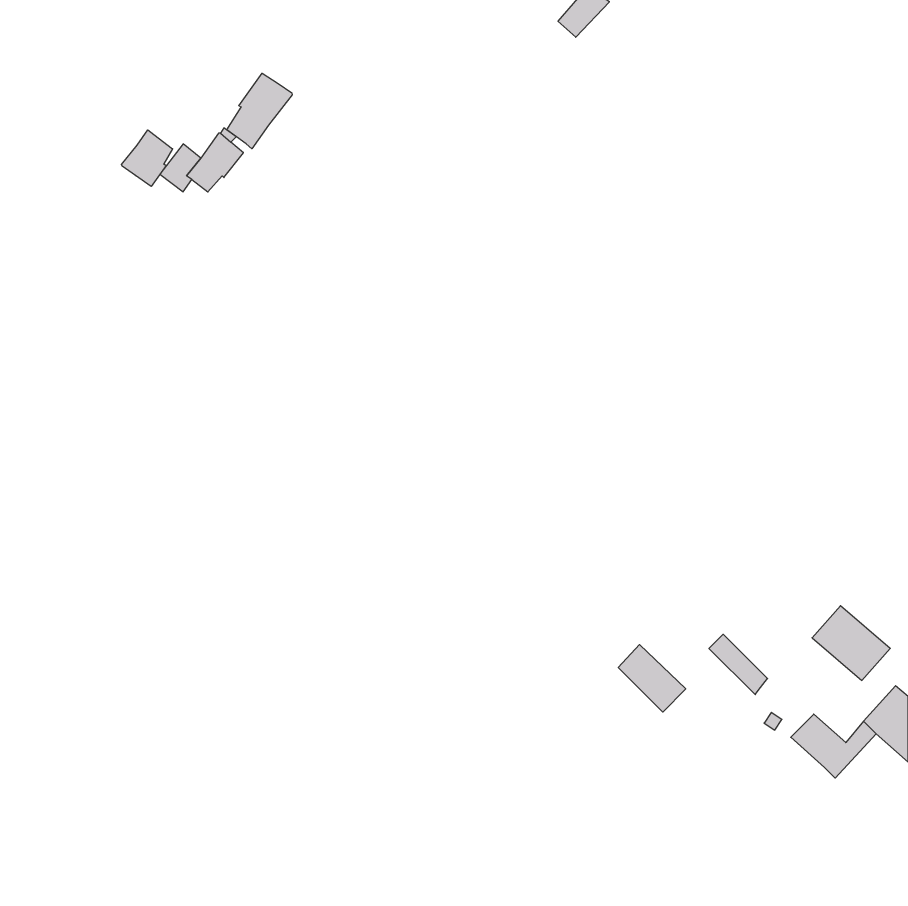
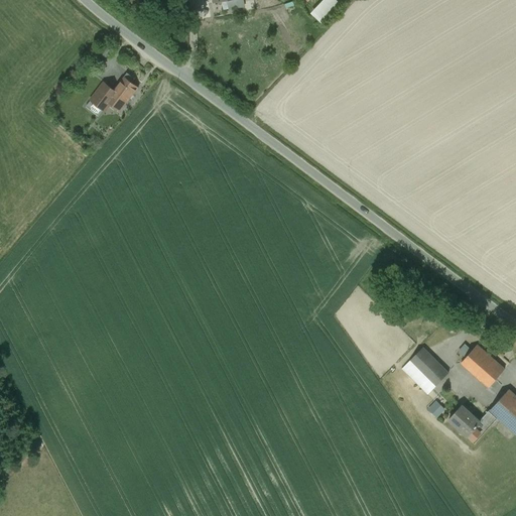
building: [227,73,292,149] -> none
building: [121,130,173,186] -> none
building: [618,645,686,712] -> [410,347,448,385]

